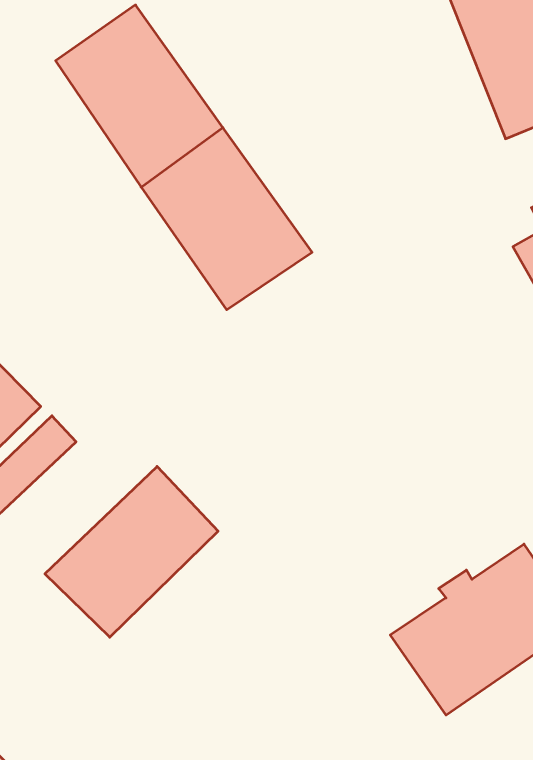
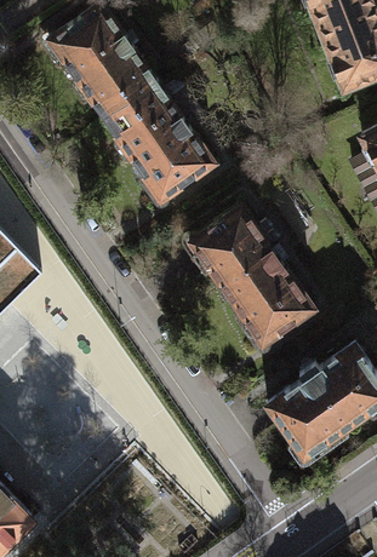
building: none -> [190,211,316,351]
building: [45,466,218,637] -> none

